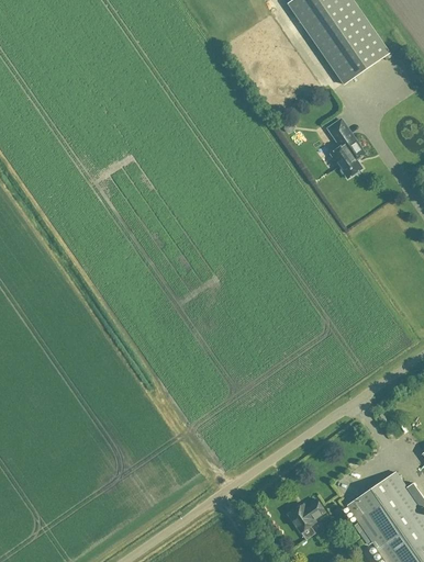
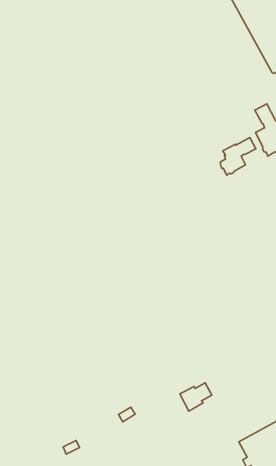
building: none -> [221,138,256,175]
building: [287,498,323,532] -> [180,383,212,411]

